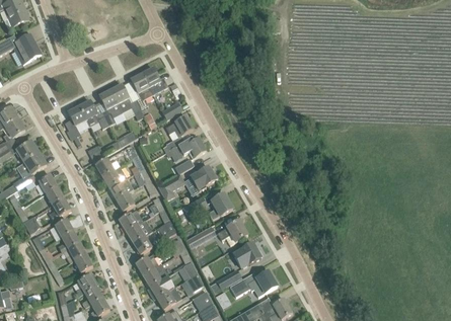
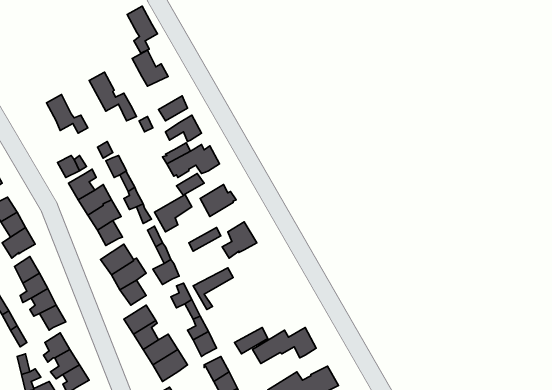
building: [130,74,152,108] -> [127,6,158,53]
building: [98,90,122,125] -> none
building: [65,106,92,151] -> none
building: [216,220,247,245] -> none
building: [231,243,261,267] -> none

